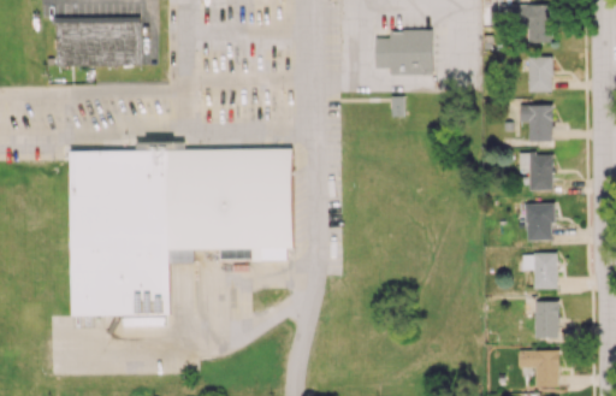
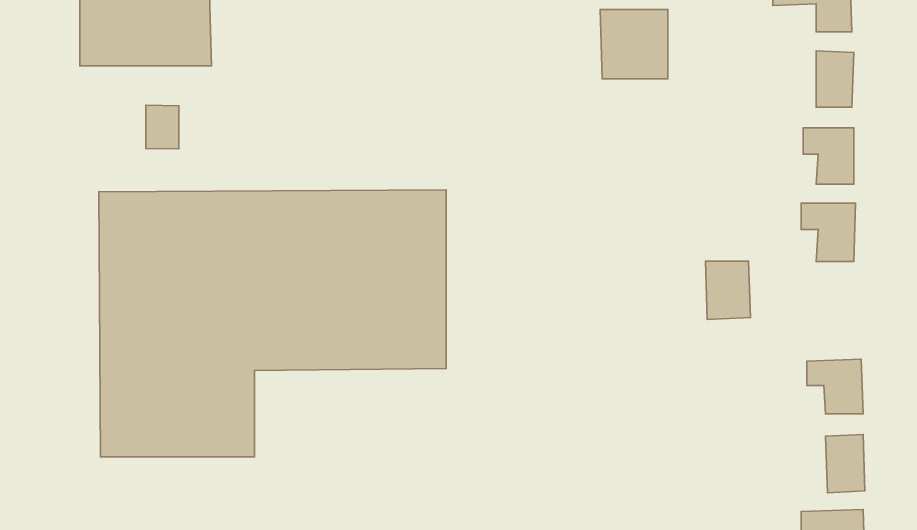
building: none -> [146,105,179,149]
building: [525,203,553,241] -> [705,261,750,319]

